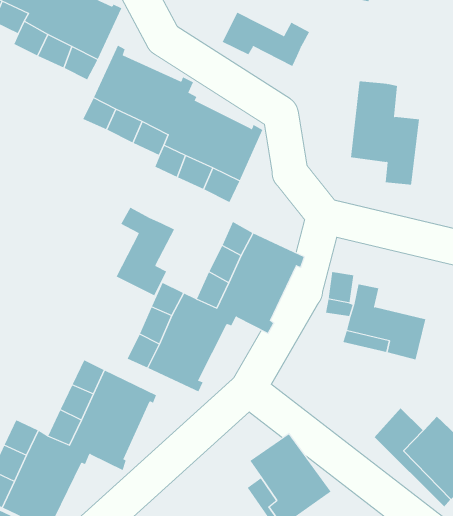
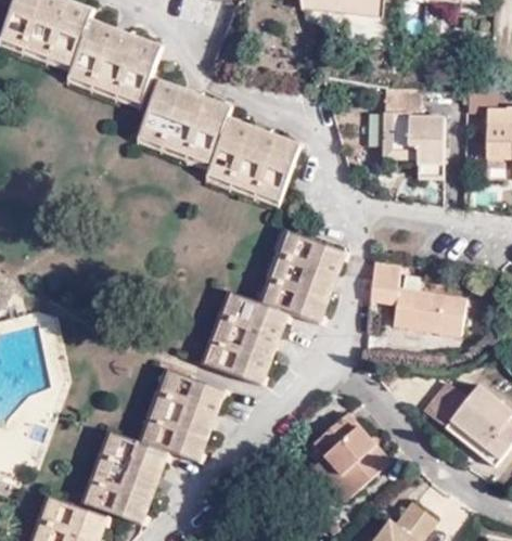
building: [222,12,310,67] -> none
building: [116,207,175,296] -> none

